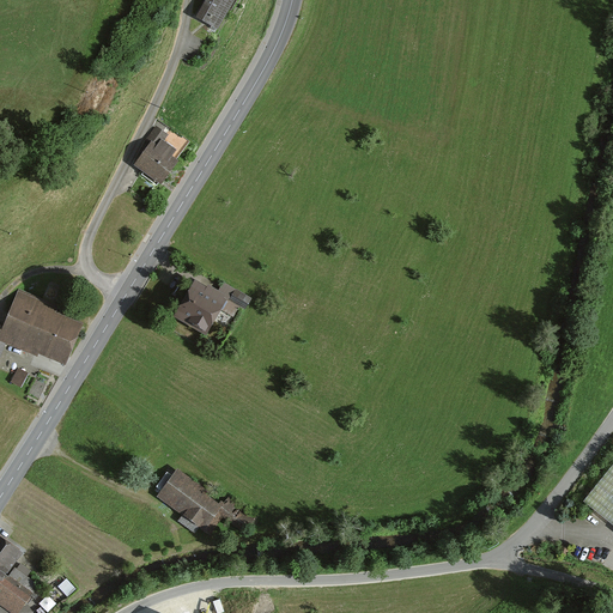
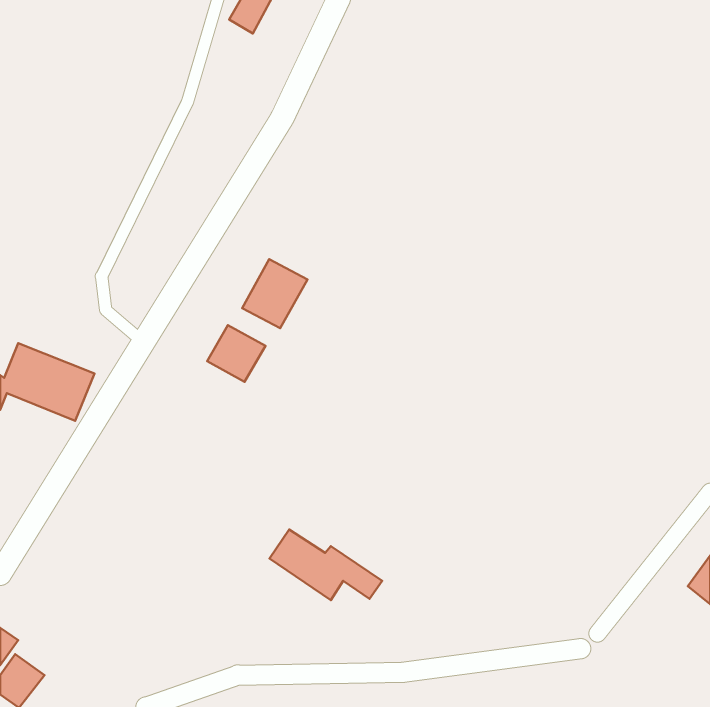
building: [134,129,172,183] -> none
building: none -> [242,259,307,328]
building: [156,471,253,532] -> [270,529,382,600]

